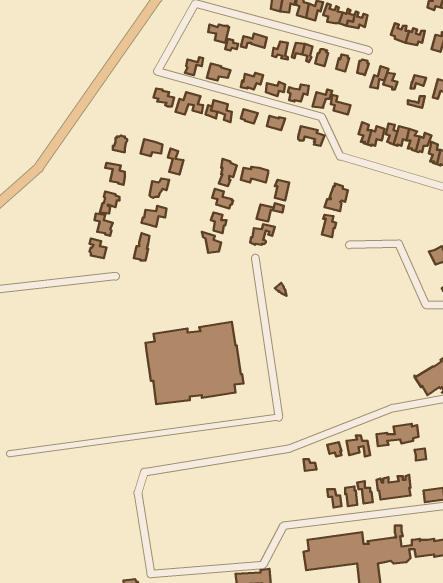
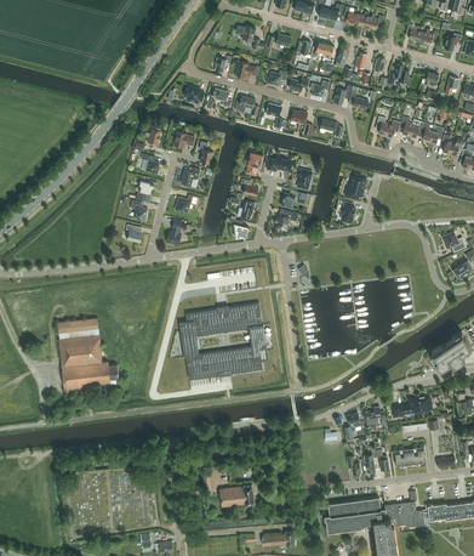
building: none -> [58,318,119,391]
building: none -> [219,486,255,507]

